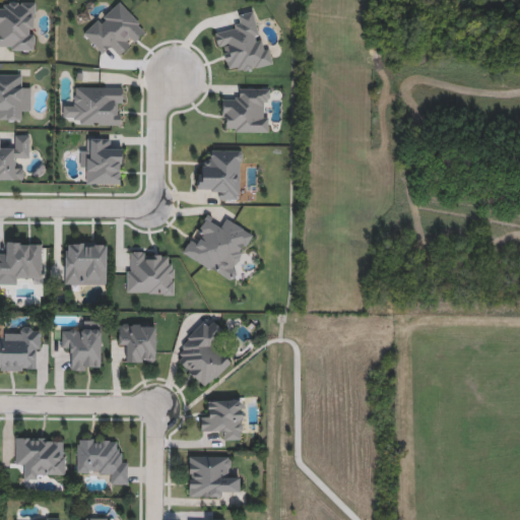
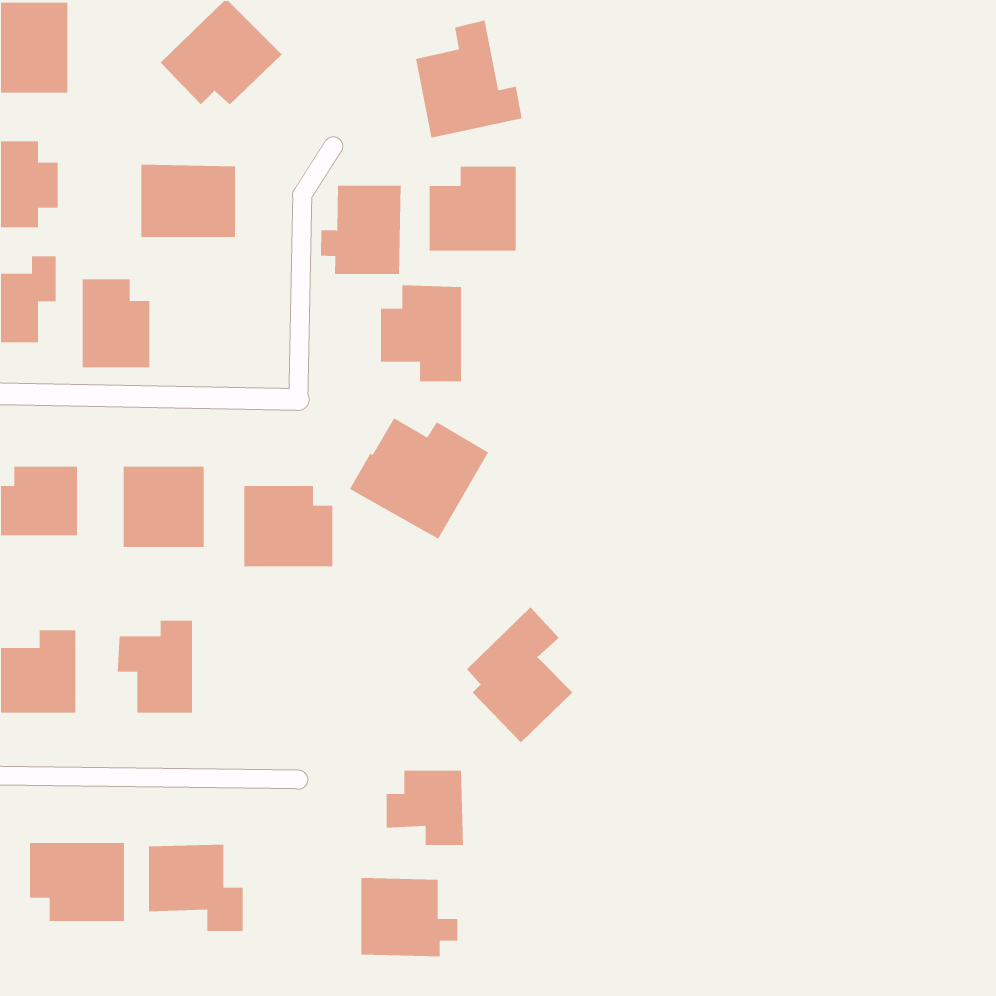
building: none -> [320,185,402,275]
building: [86,137,122,184] -> [82,279,150,368]
building: [176,319,232,390] -> [466,607,573,743]
building: [119,324,155,364] -> none

